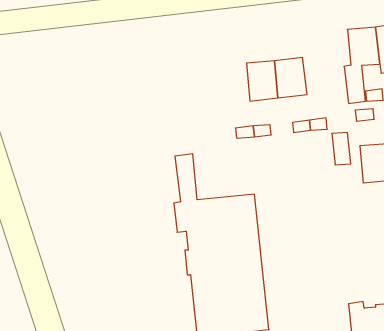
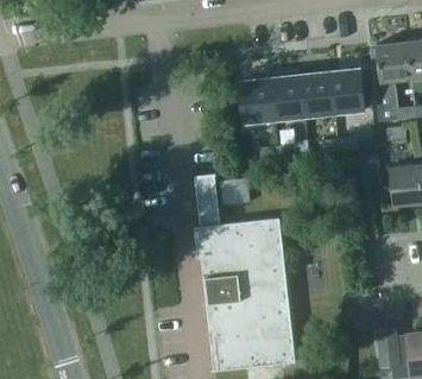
building: none -> [329,70,364,113]
building: none -> [239,80,273,122]

